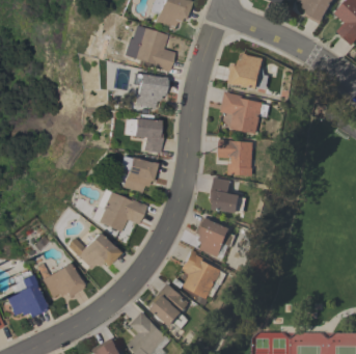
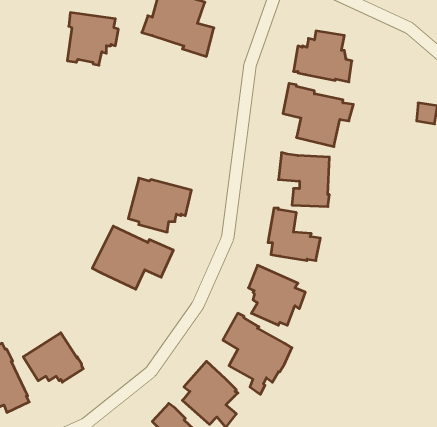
building: [132,73,167,109] -> [67,13,118,65]
building: [122,117,161,153] -> none
building: [66,233,118,270] -> none

